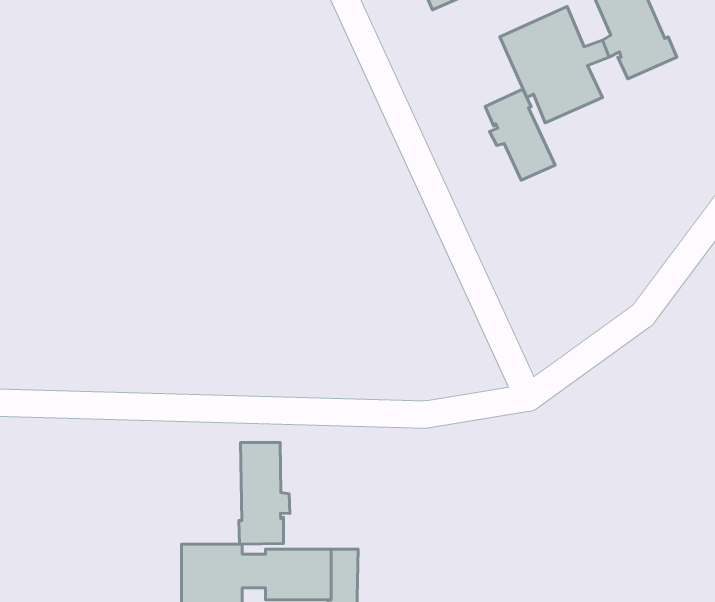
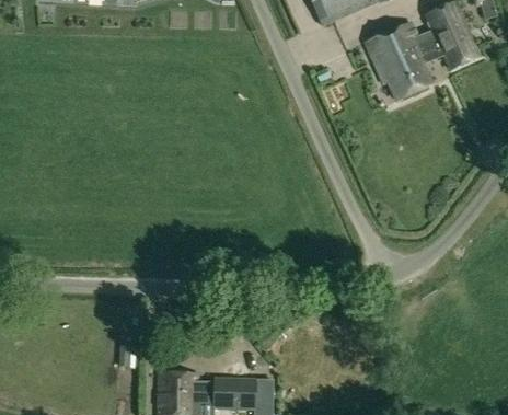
building: [485,89,555,180] -> none
building: [239,443,290,544] -> none

